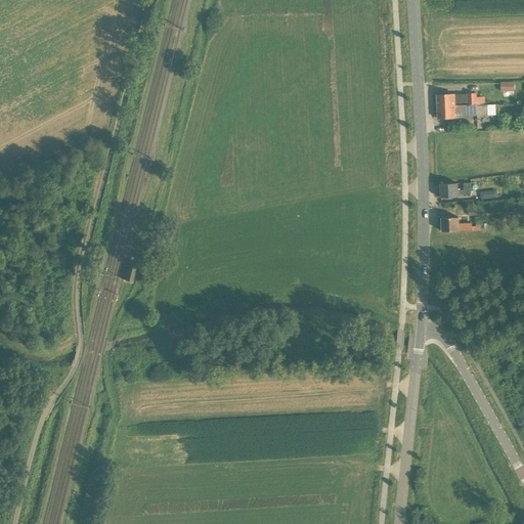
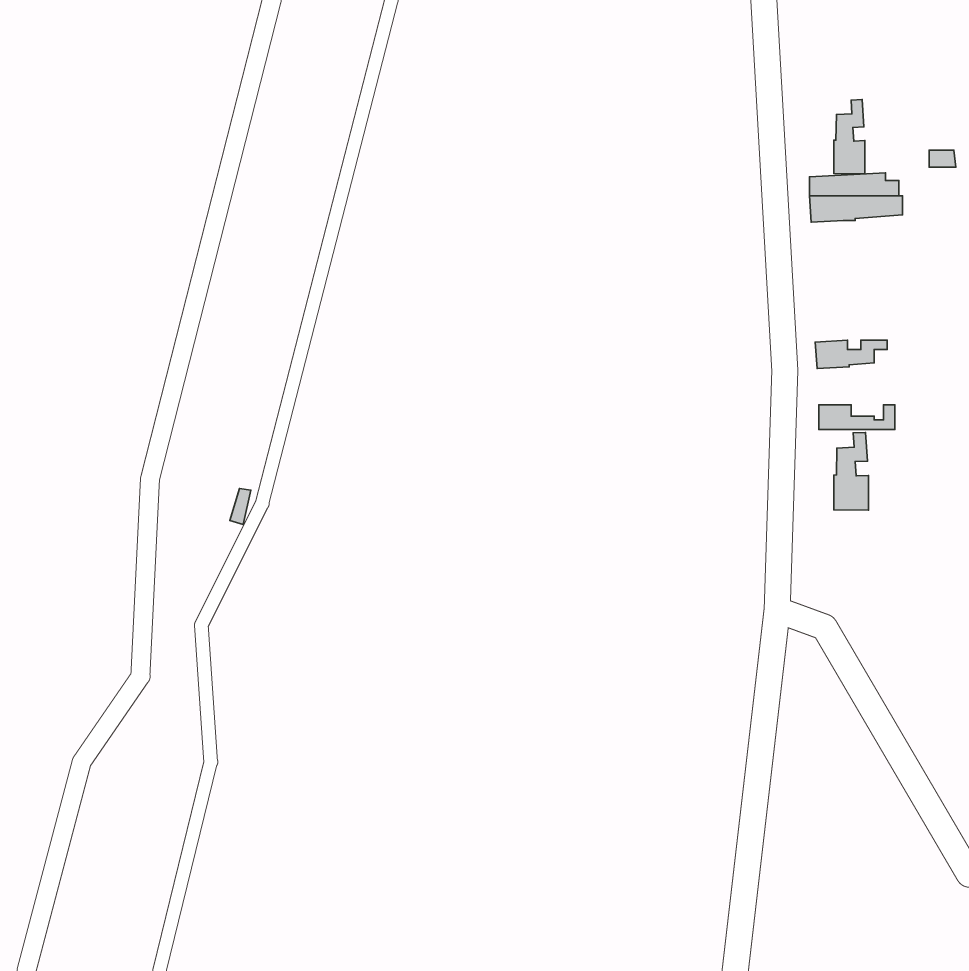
building: none -> [834,100,865,174]
building: none -> [834,432,868,510]

